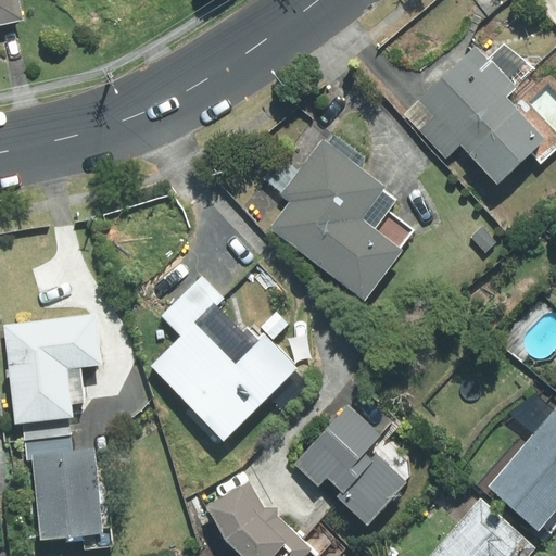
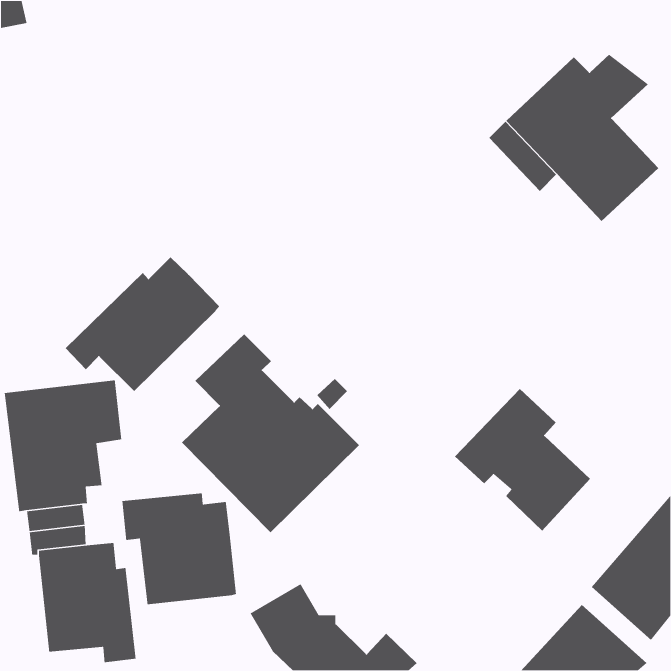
building: [263,134,413,299] -> none
building: none -> [65,256,220,392]
building: [294,407,407,526] -> [454,388,591,531]
building: none -> [122,492,237,605]

